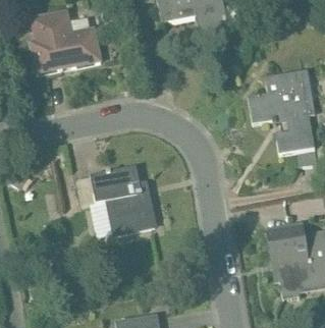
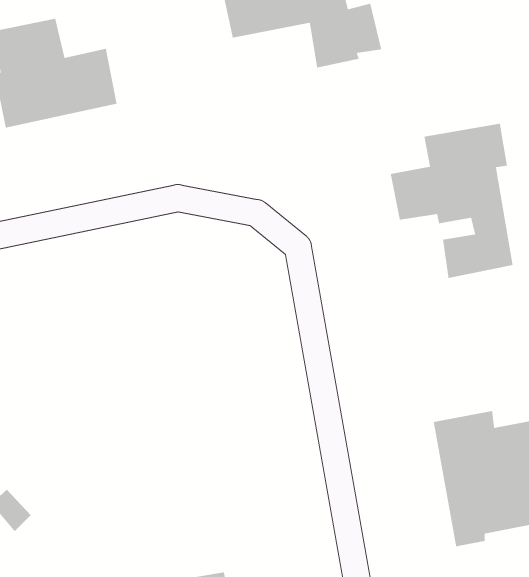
building: [75,166,154,233] -> none

